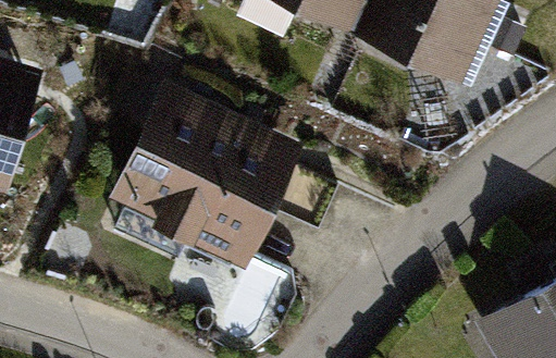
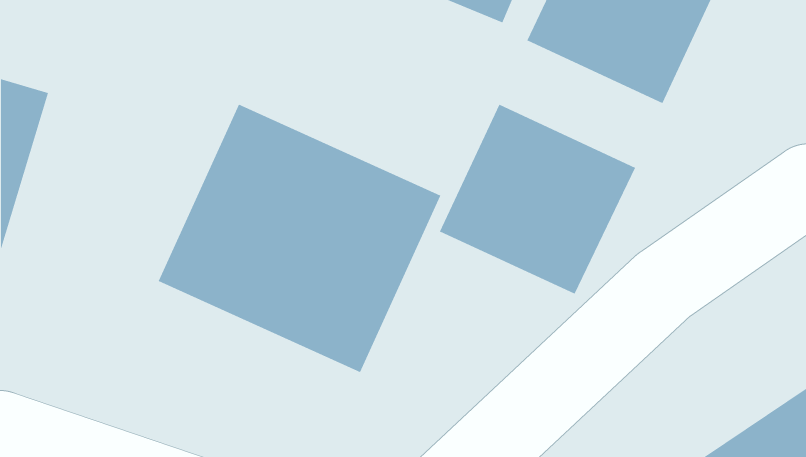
building: none -> [439,104,636,294]

